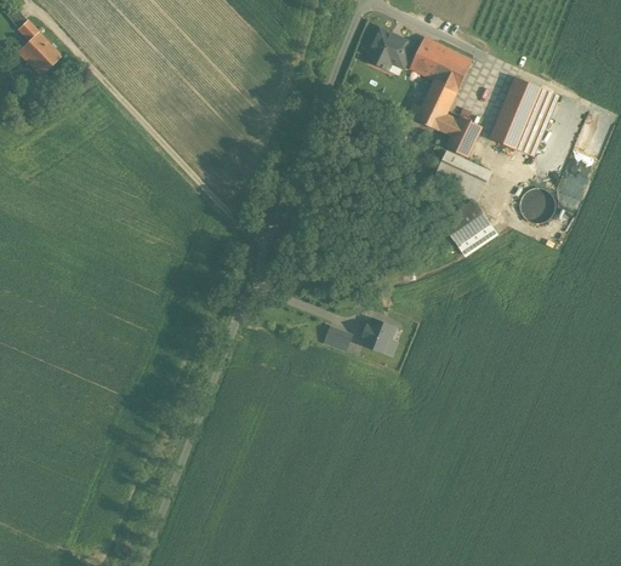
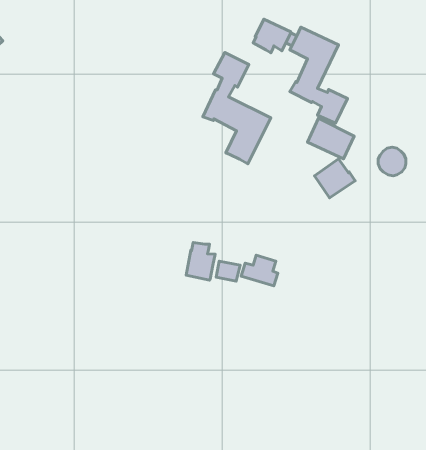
building: none -> [203,53,271,164]
building: [489,76,558,156] -> none
building: none -> [186,242,215,280]

